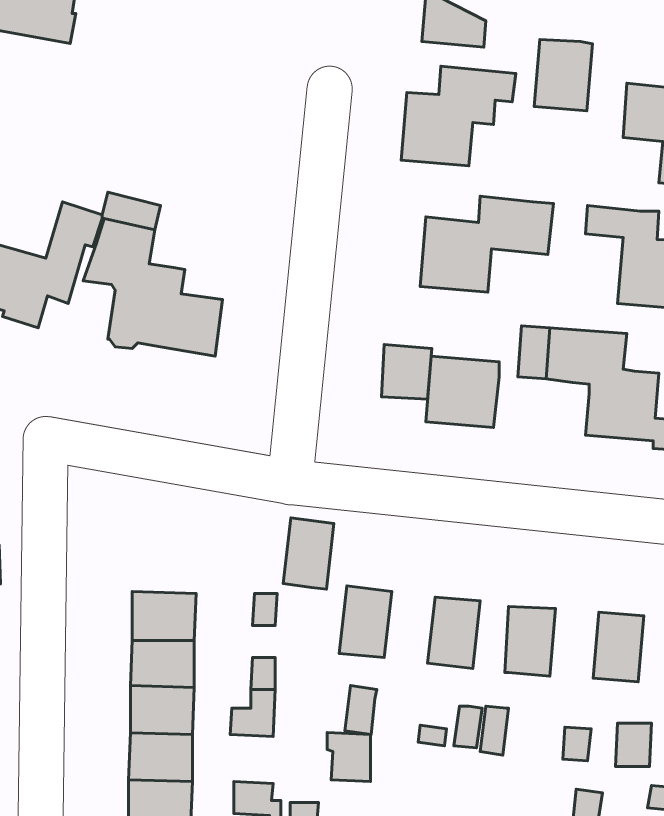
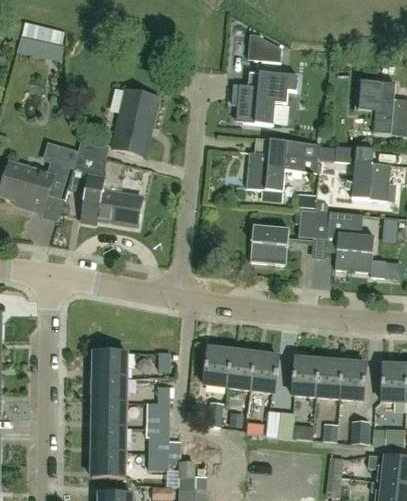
building: [534,39,593,111] -> none
building: none -> [112,89,158,154]
building: [382,345,432,399] -> none
building: [283,518,334,589] -> [227,350,254,388]
building: none -> [315,359,341,396]
building: [327,733,371,782] -> [145,426,168,452]

